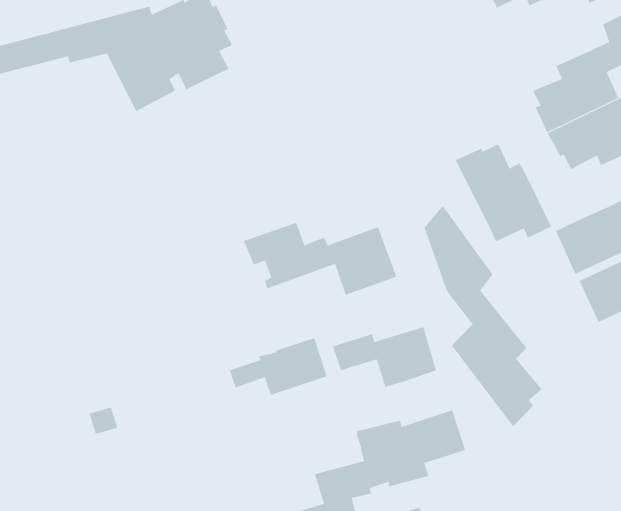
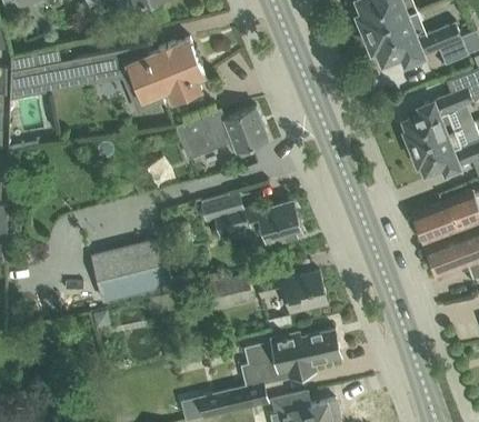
building: none -> [177,109,269,159]
building: [455,144,552,242] -> none
building: [424,205,542,427] -> none
building: none -> [91,240,168,302]

